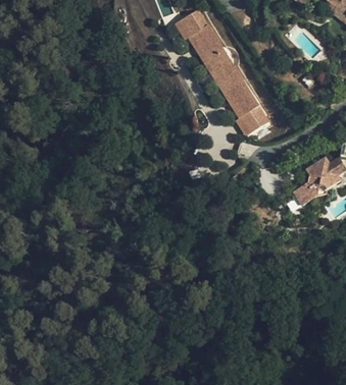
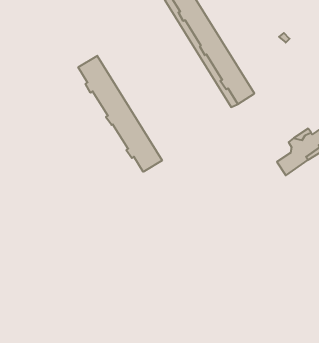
building: none -> [78,56,162,172]

